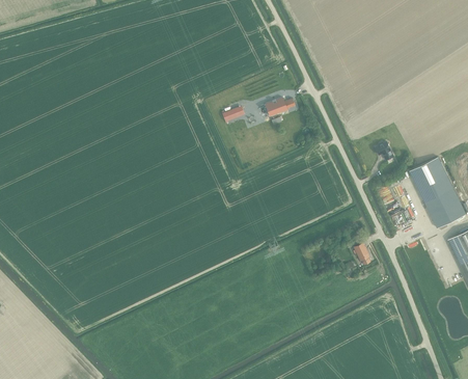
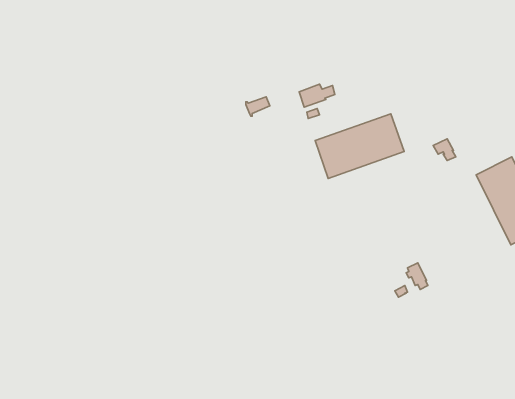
building: none -> [315,114,404,178]

